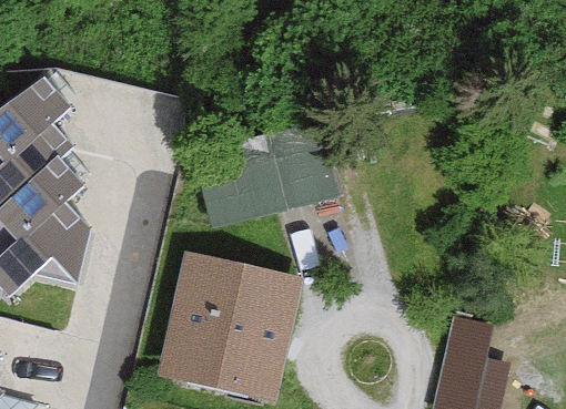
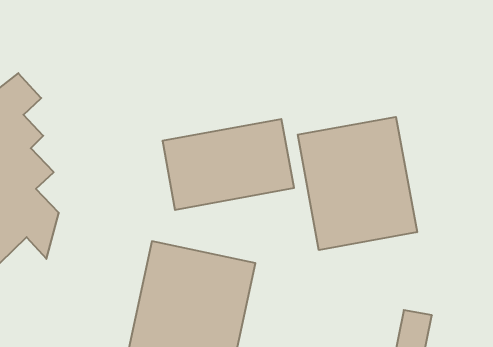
building: none -> [298,117,417,250]

